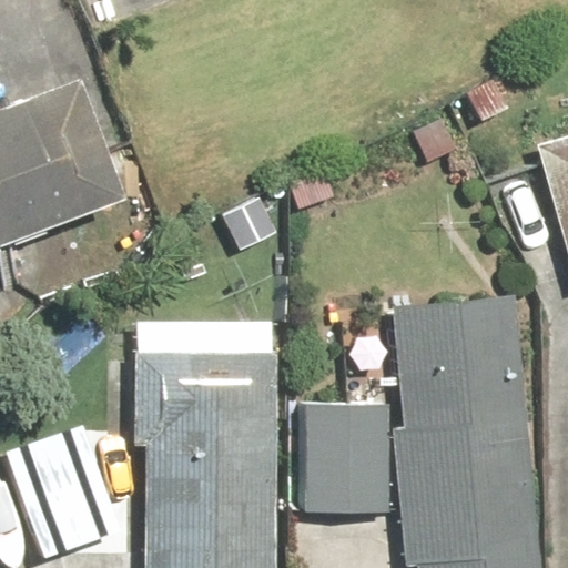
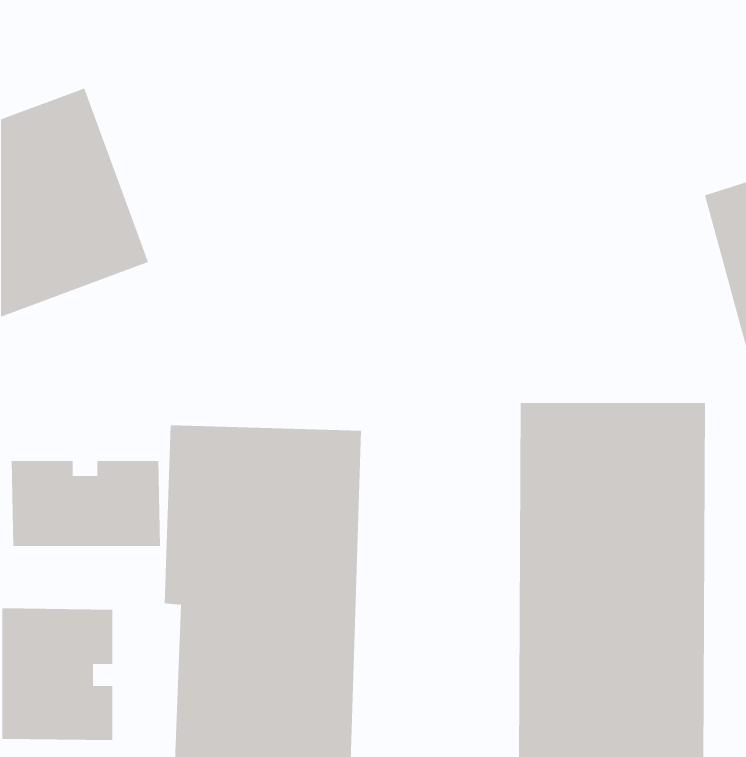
building: none -> [11,460,160,547]
building: [304,403,392,519] -> none

